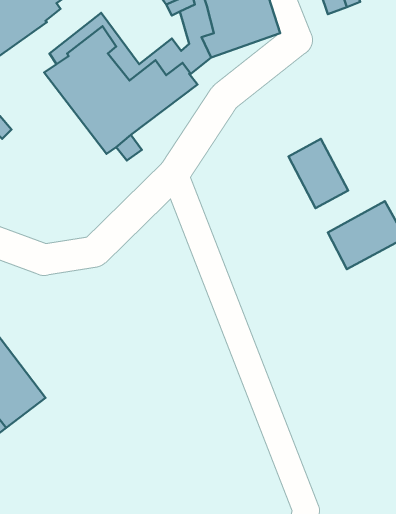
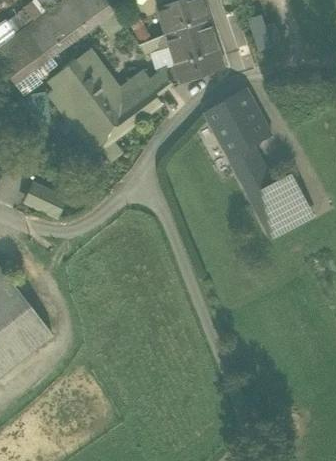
building: none -> [204,86,271,155]
building: none -> [249,171,300,211]
building: none -> [24,183,61,214]

